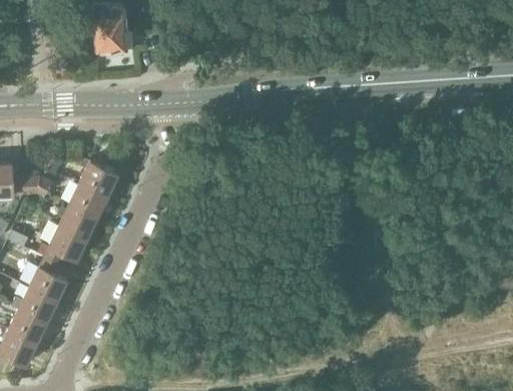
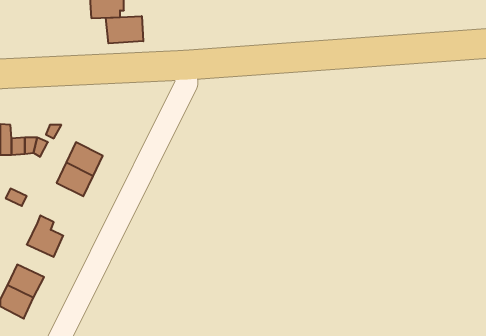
building: none -> [106,16,143,43]
building: [79,162,117,198] -> none
building: [42,226,87,267] -> none
building: [18,290,56,324] -> none

